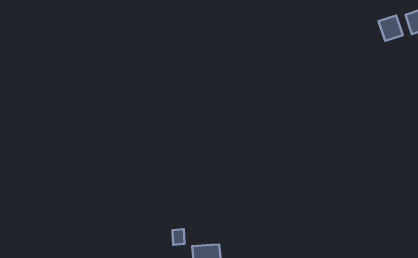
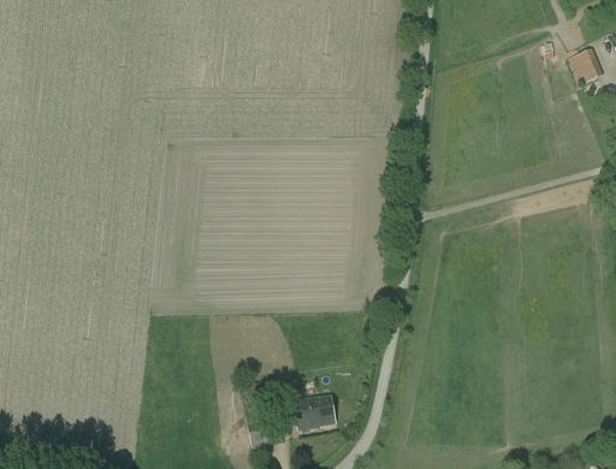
building: [379,16,403,41] -> none

